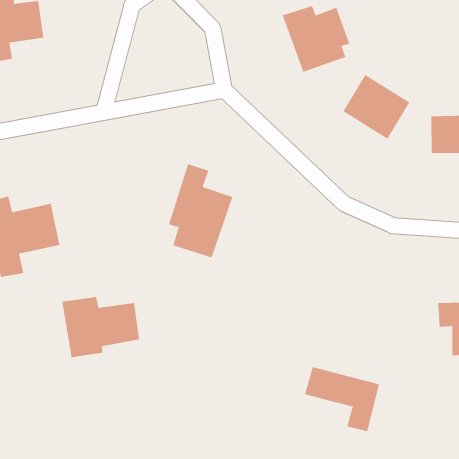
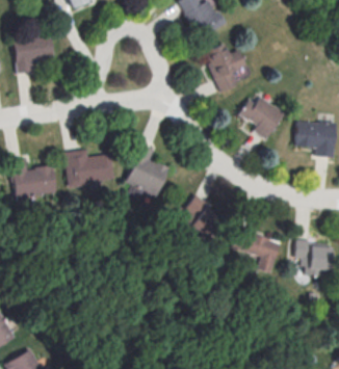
building: none -> [183,196,224,248]
building: [61,296,140,358] -> [64,149,113,187]
building: [304,367,380,432] -> [231,229,280,272]

